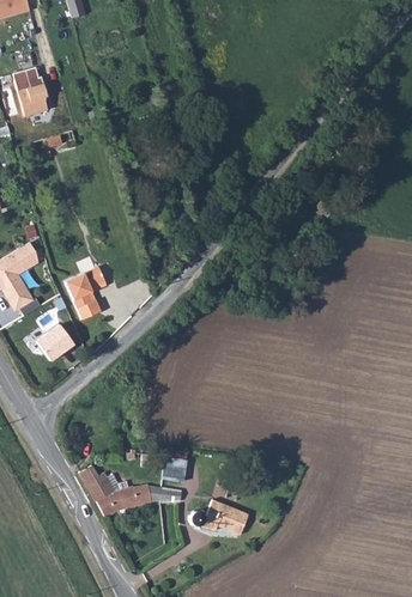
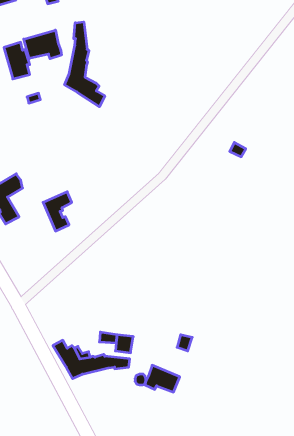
building: none -> [65,22,105,107]
building: none -> [24,30,61,59]
building: [32,325,72,363] -> none

